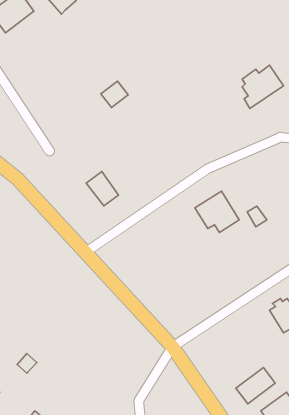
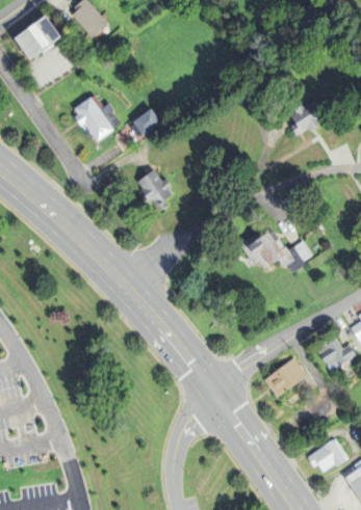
building: none -> [78,98,124,142]
building: [86,171,119,206] -> [135,171,170,208]
building: [236,368,275,404] -> [263,358,305,397]

